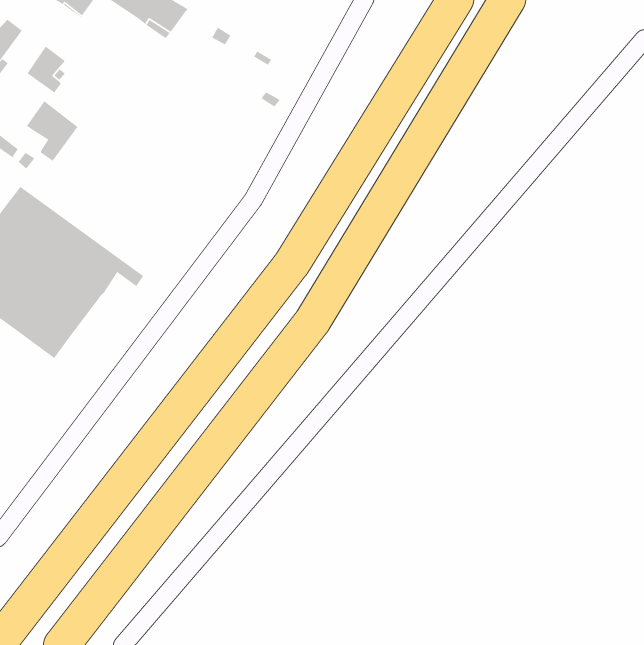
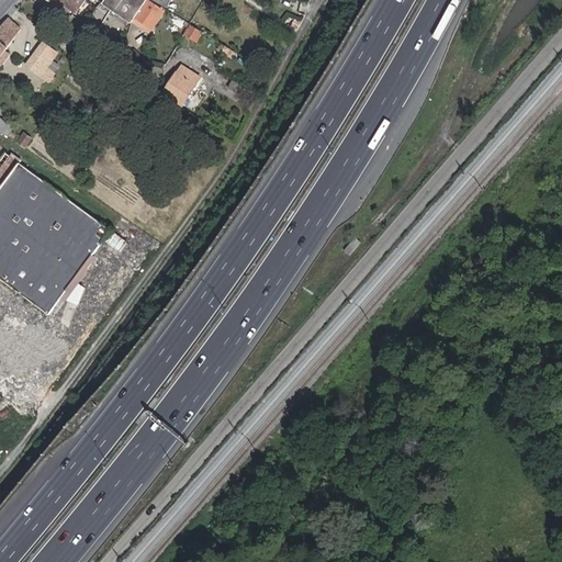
building: none -> [161,64,199,104]
building: [26,100,78,162] -> none

